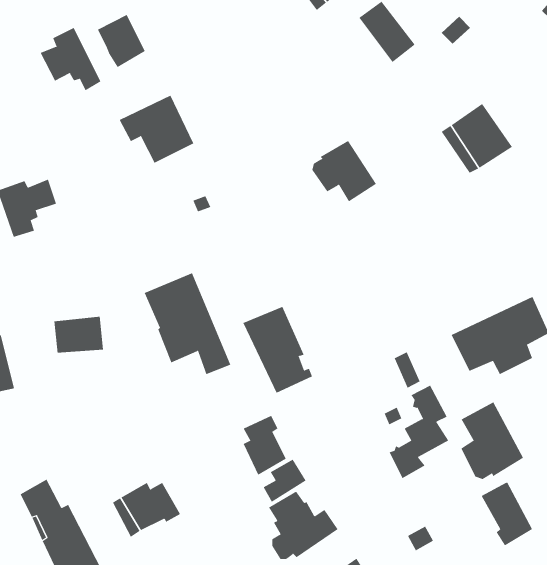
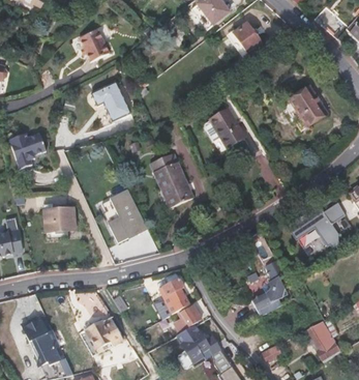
building: [40,27,101,91] -> none
building: [242,306,313,393] -> [151,152,195,206]
building: [460,402,524,480] -> none

